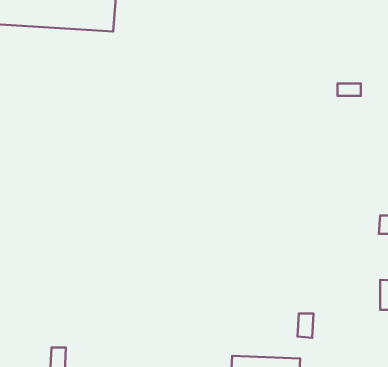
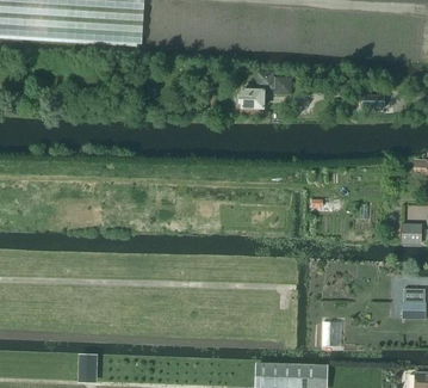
building: none -> [240,72,292,109]

